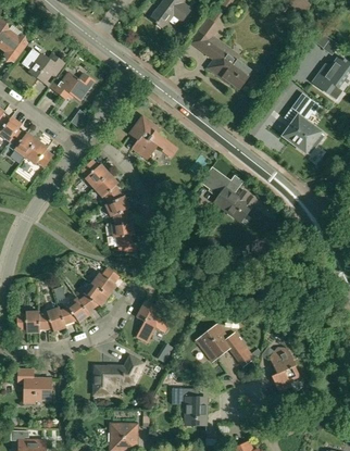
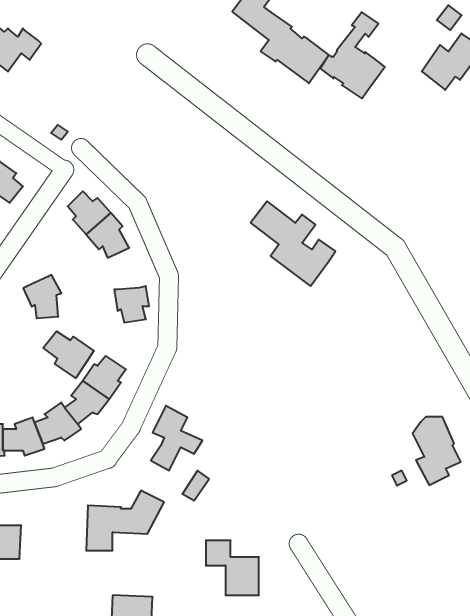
building: [50,72,95,100] -> none
building: [283,99,325,155] -> [320,12,385,98]
building: [129,116,177,160] -> none
building: [105,196,130,224] -> [23,275,61,318]
building: none -> [43,331,94,378]
building: [197,324,260,366] -> none
building: [268,348,300,392] -> [413,417,461,485]

